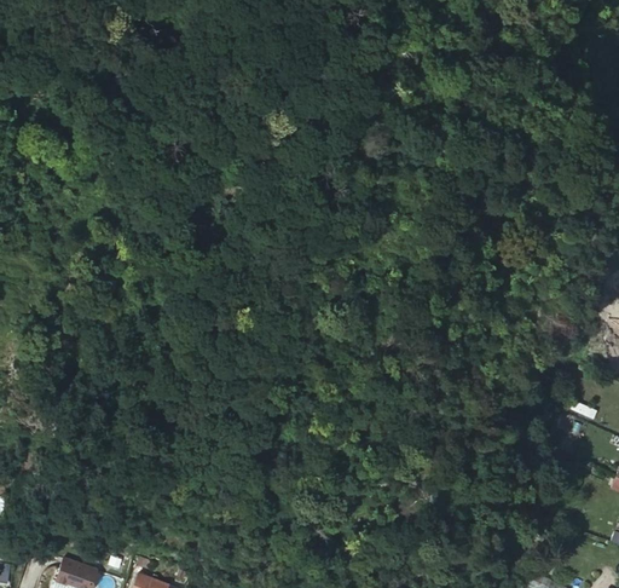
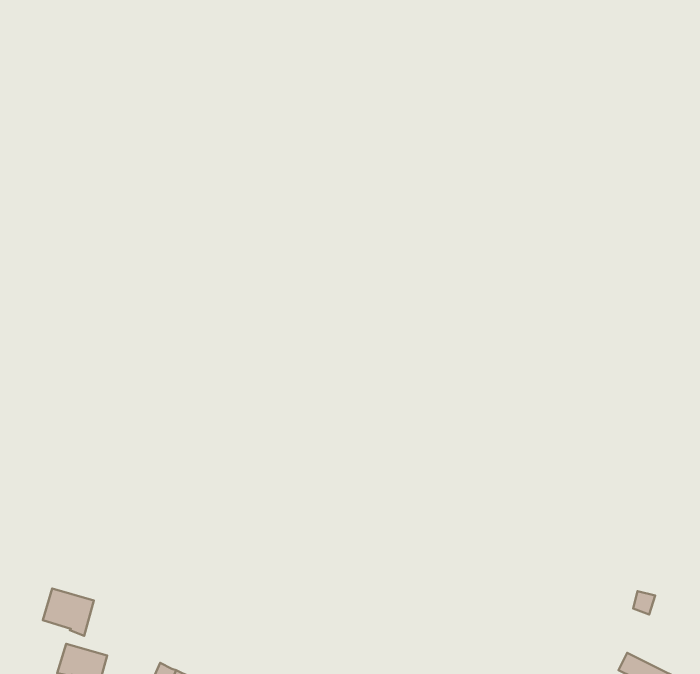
building: none -> [43,589,94,636]

